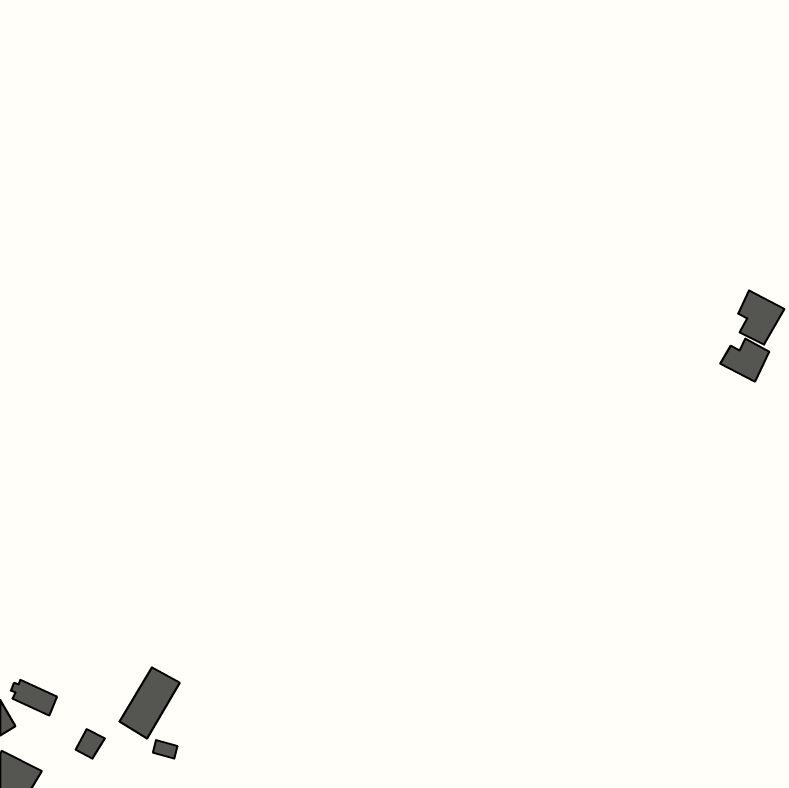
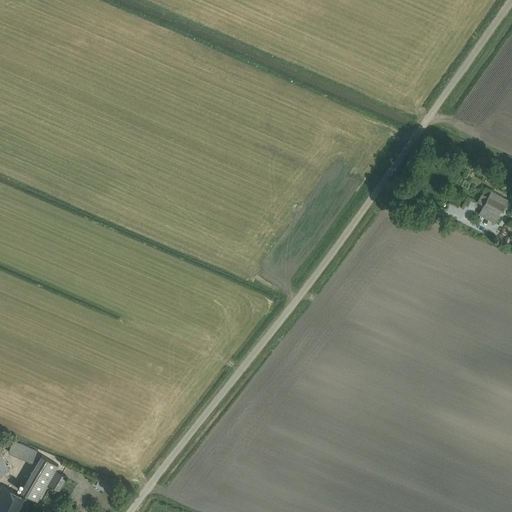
building: [720,339,769,382] -> none
building: [119,667,180,738] -> [19,456,58,502]

